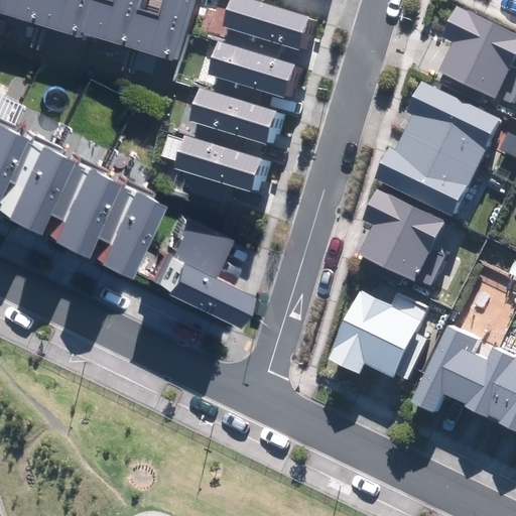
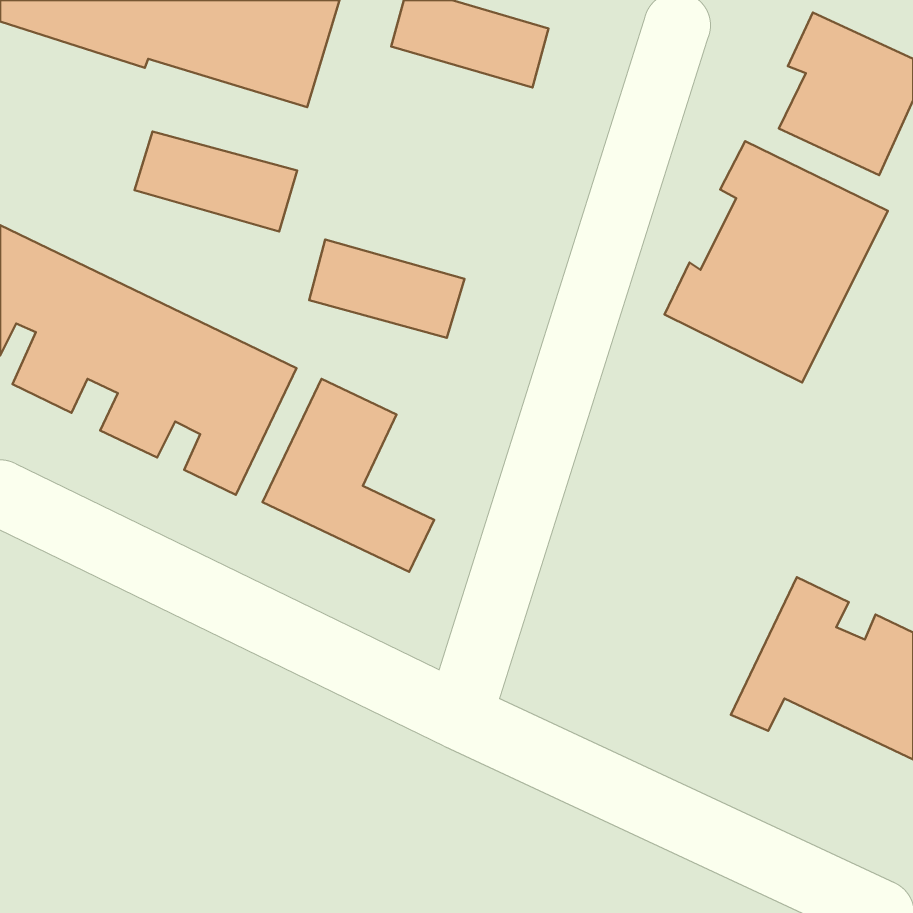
building: [208,39,297,97] -> none
building: [185,89,277,145] -> [135,131,297,231]
building: [357,188,445,285] -> none
building: [327,290,431,379] -> none

